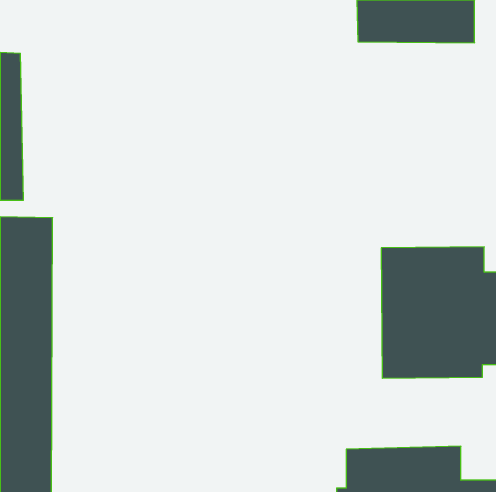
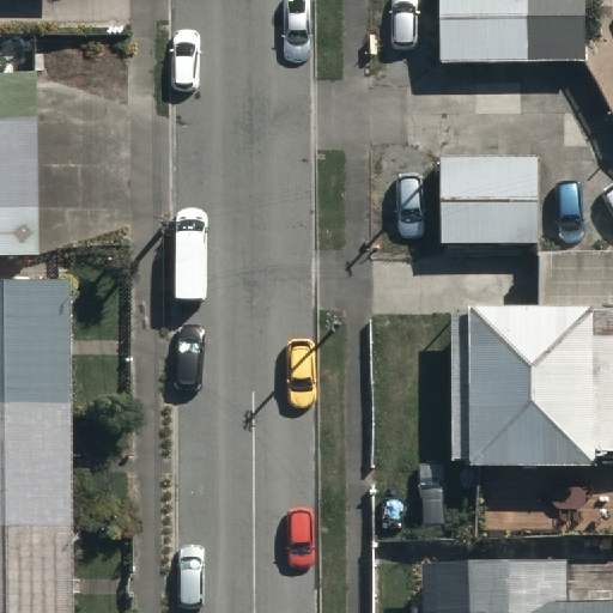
building: none -> [436,152,536,244]

